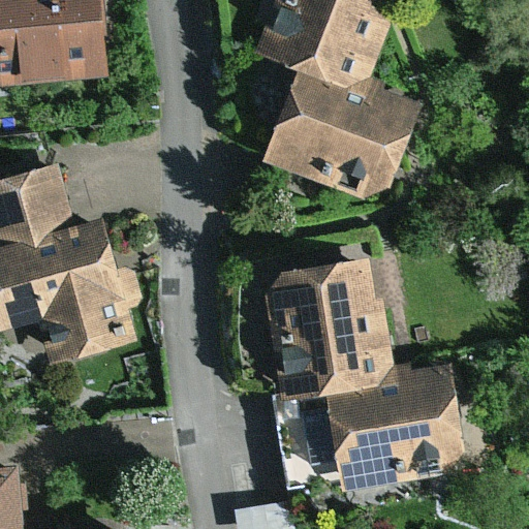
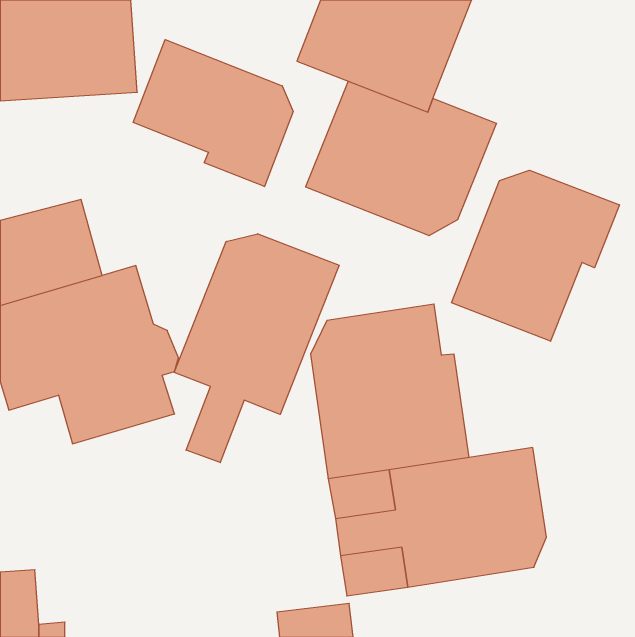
building: none -> [133,40,293,187]
building: none -> [451,170,619,341]
building: none -> [174,234,339,463]

